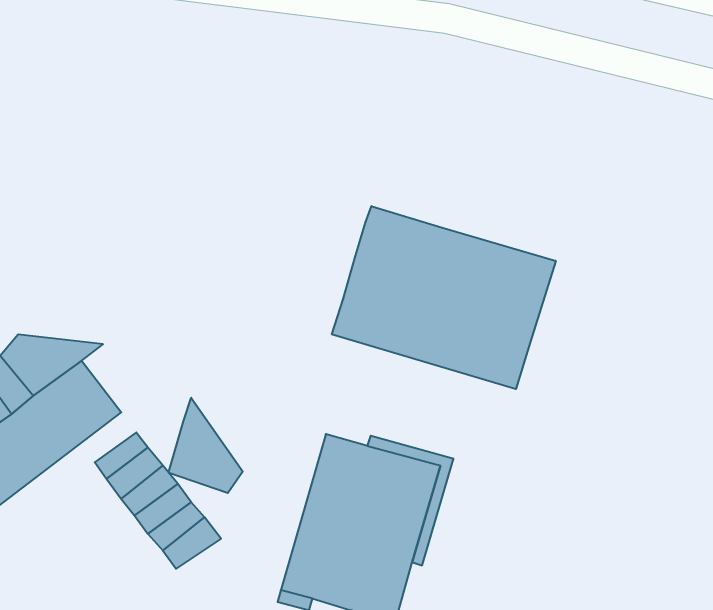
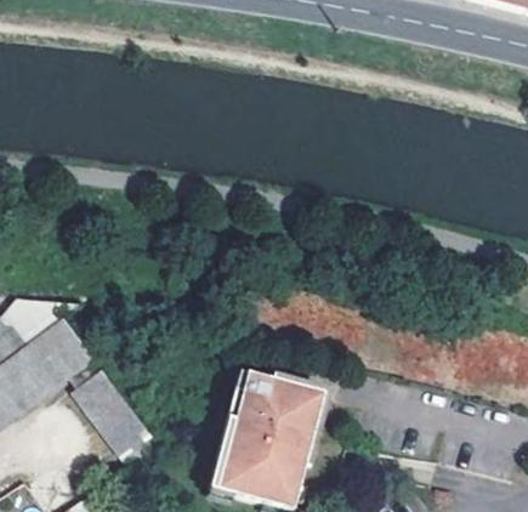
building: [332,206,556,389] -> none
building: [169,398,243,493] -> none

